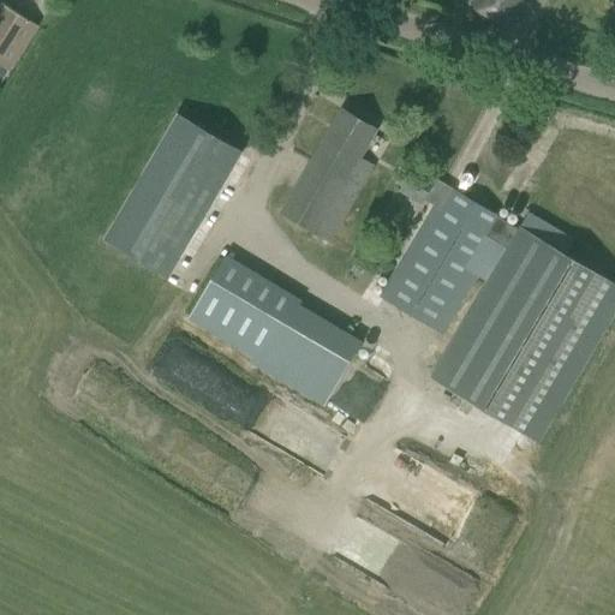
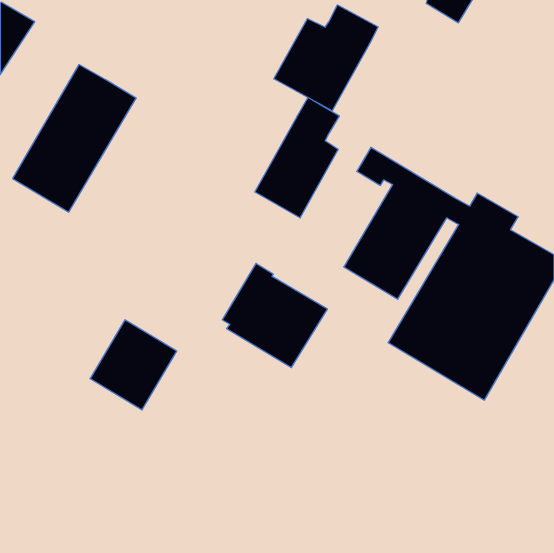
building: none -> [274,5,378,111]
building: [105,113,241,276] -> [13,65,136,212]
building: [189,255,285,354] -> [90,320,177,410]

